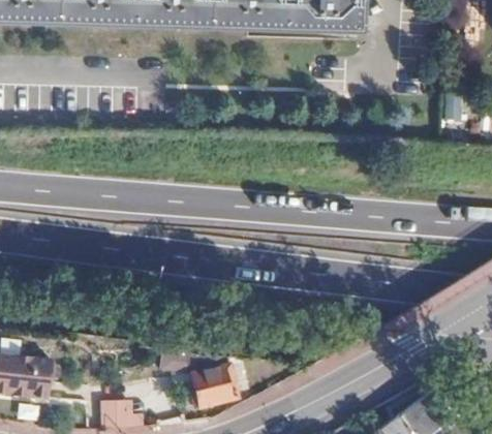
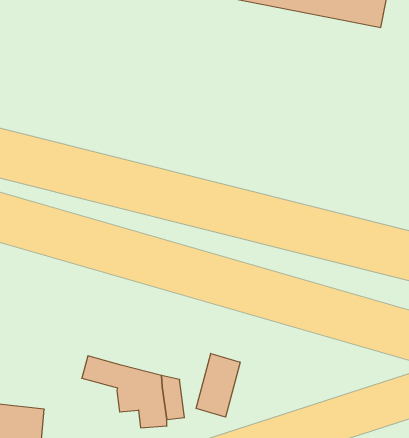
building: none -> [196,353,240,417]

